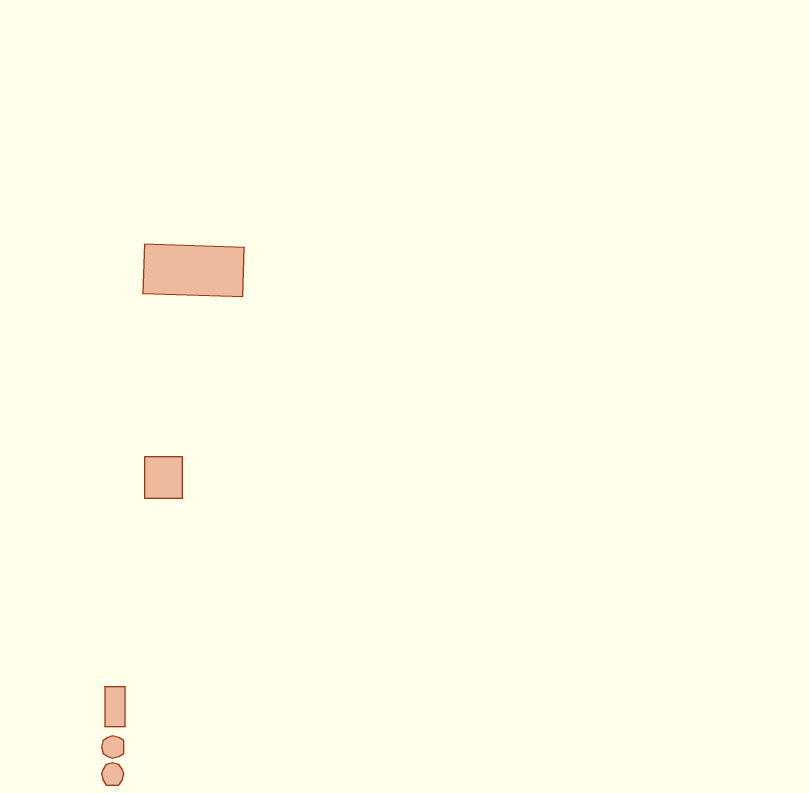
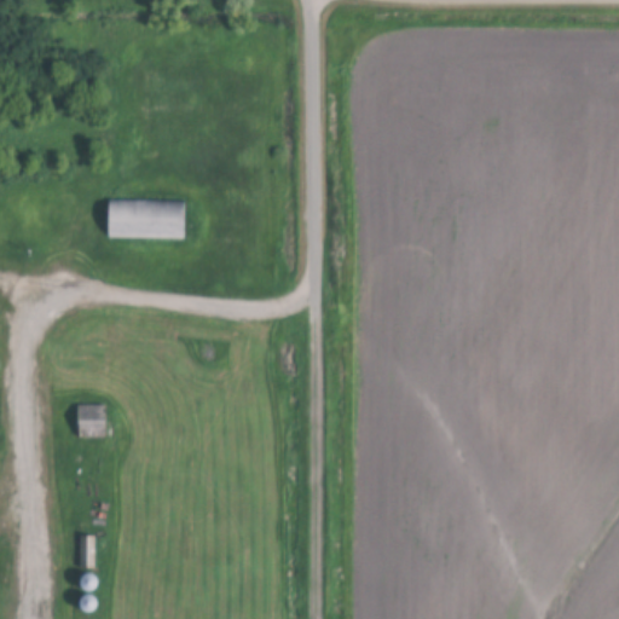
building: [145,457,183,498] -> [77,405,106,436]

